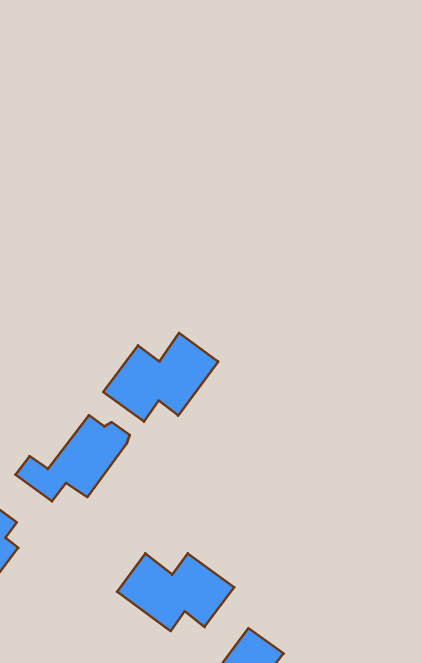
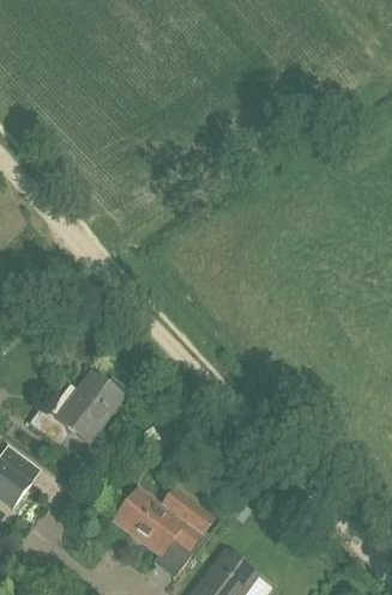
building: [103,333,218,422] -> none

